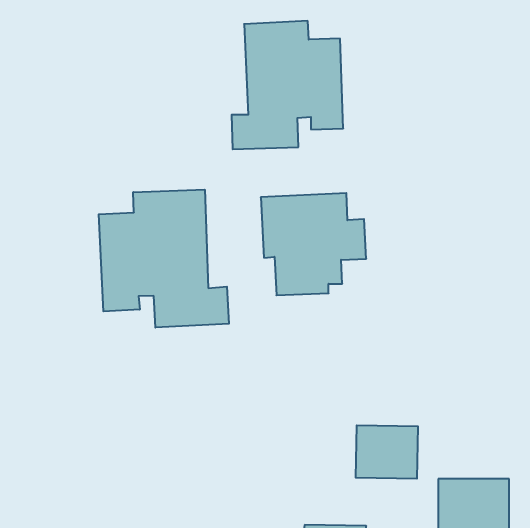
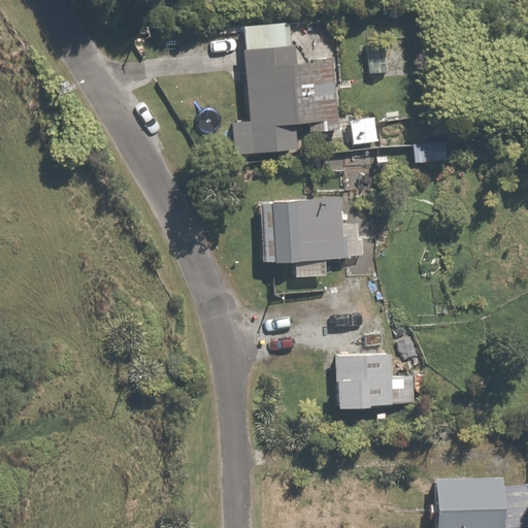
building: [99,190,229,328] -> none
building: [356,425,418,479] -> [333,356,395,408]

